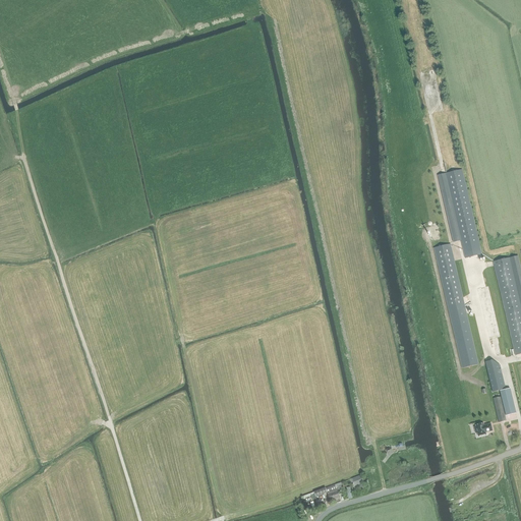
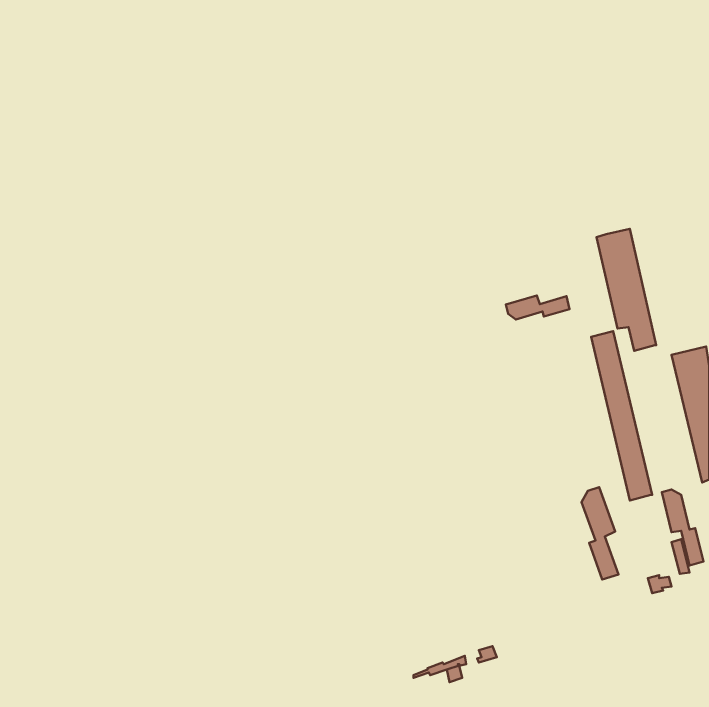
building: none -> [506,295,569,319]
building: none -> [582,487,619,579]

